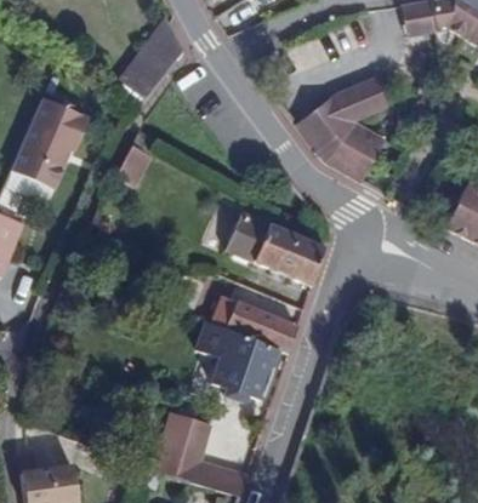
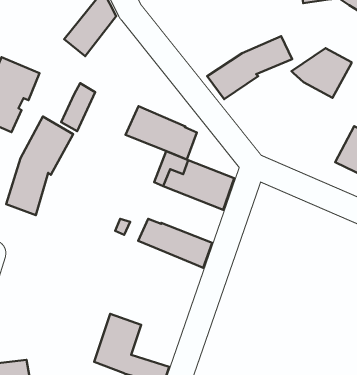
building: [312,121,385,182] -> [291,48,351,98]
building: none -> [126,106,197,159]
building: none -> [6,116,73,215]
building: [195,320,278,401] -> none

